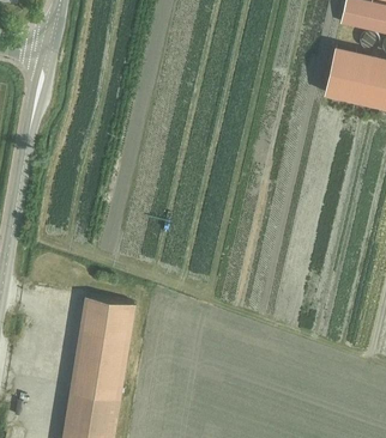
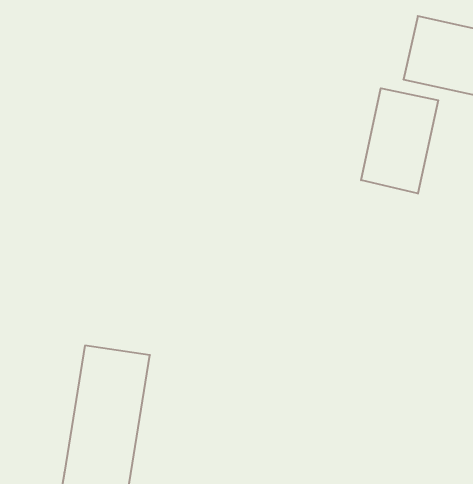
building: none -> [361,88,438,194]

